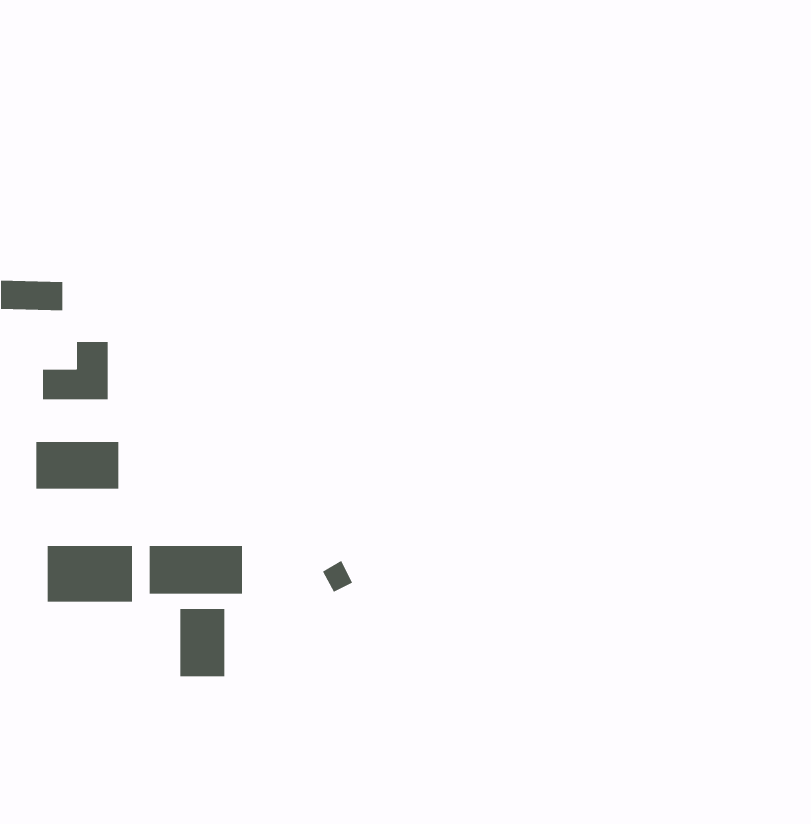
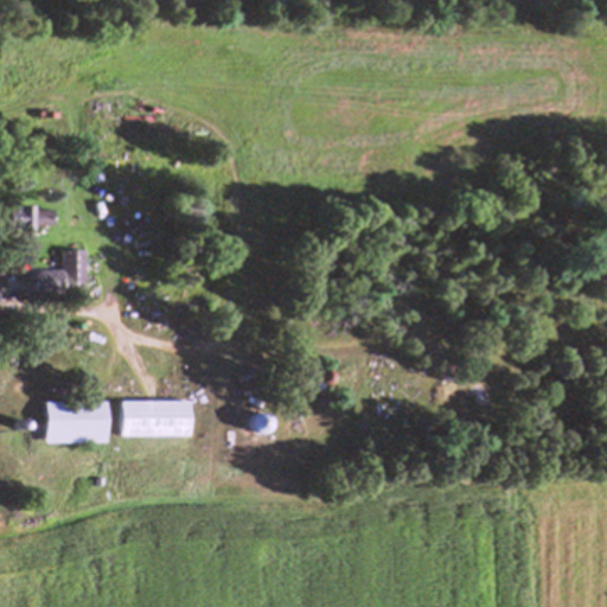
building: [36,441,119,489] -> none
building: [180,608,225,677] -> none

